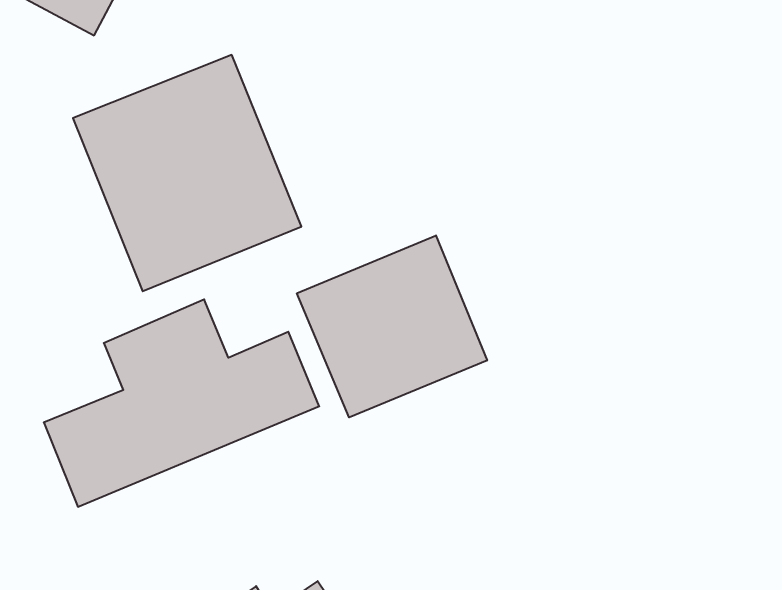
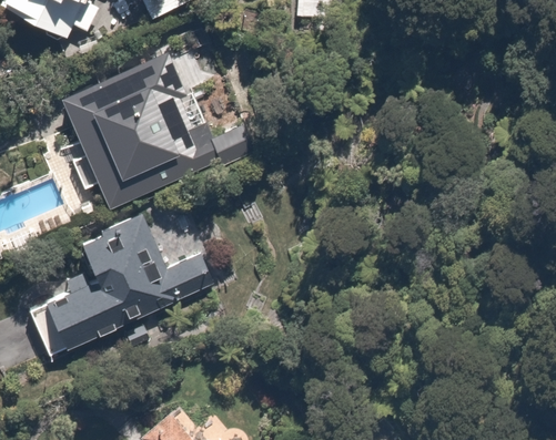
building: [297,235,487,417] -> none

